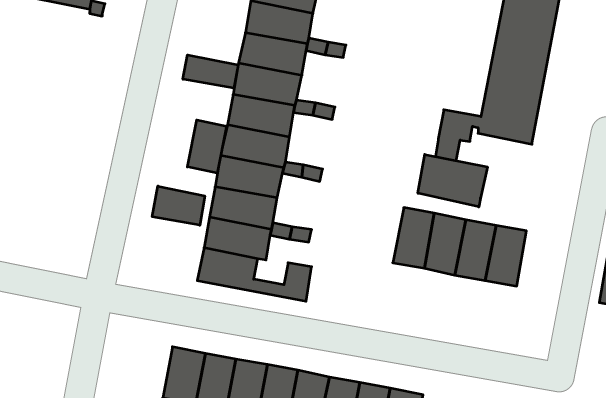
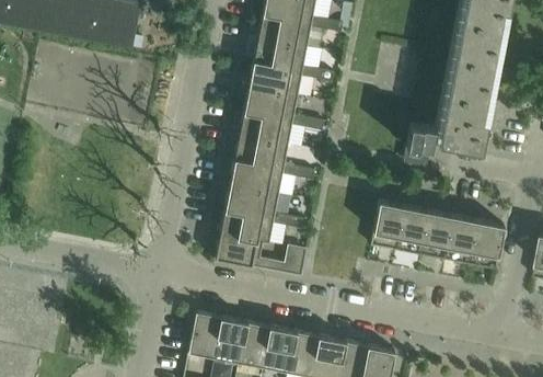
building: [183,55,238,88] -> none
building: [187,120,226,173] -> none
building: [418,154,487,207] -> none
building: [152,186,205,225] -> none
building: none -> [469,220,504,270]

